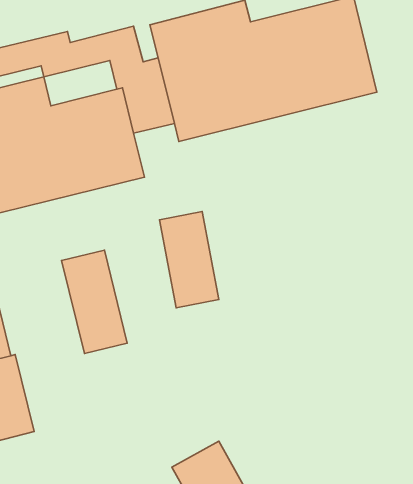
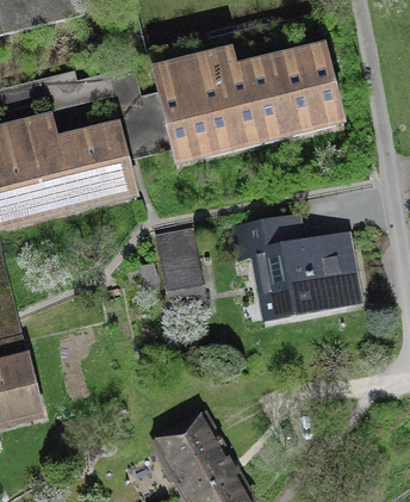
building: none -> [248,224,358,316]
building: [62,250,127,354] -> none

